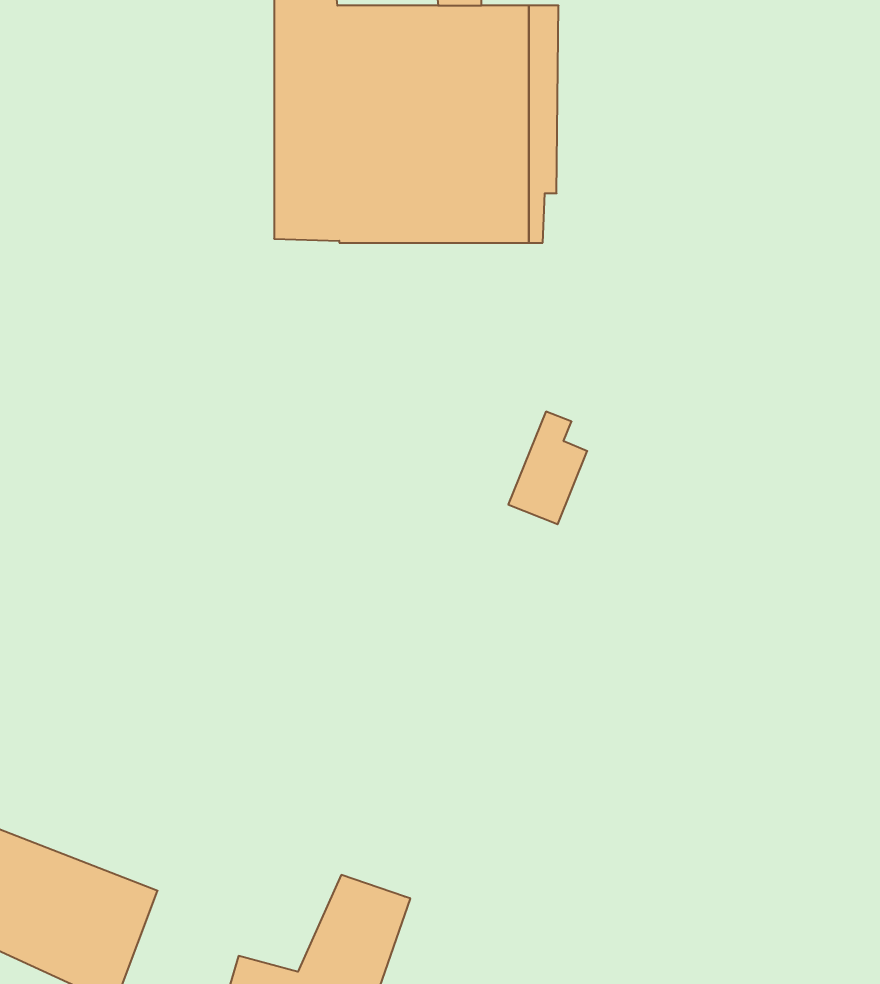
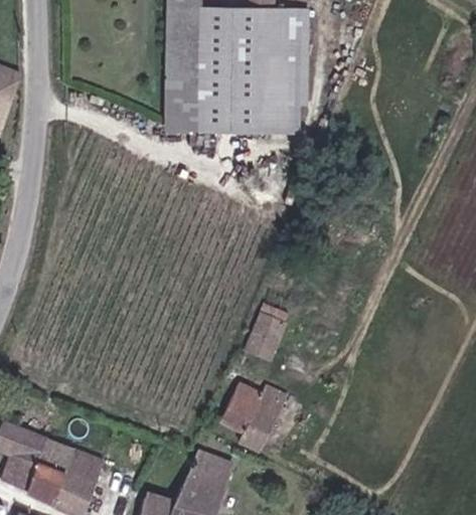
building: [508,412,587,524] -> [246,303,286,360]
building: none -> [220,383,288,452]

